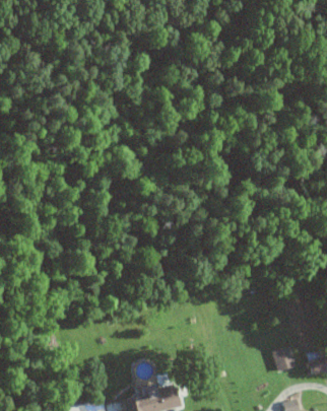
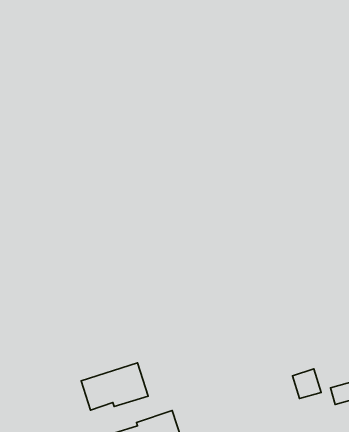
building: none -> [81,363,148,410]

